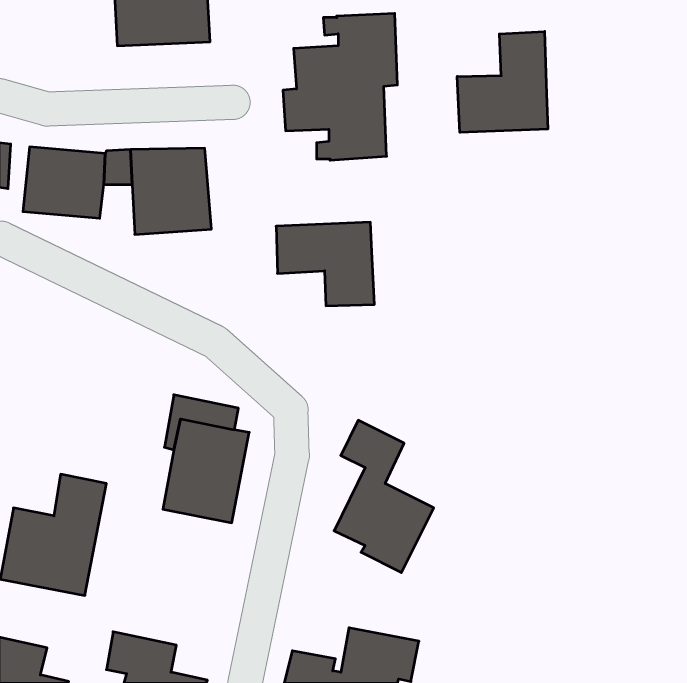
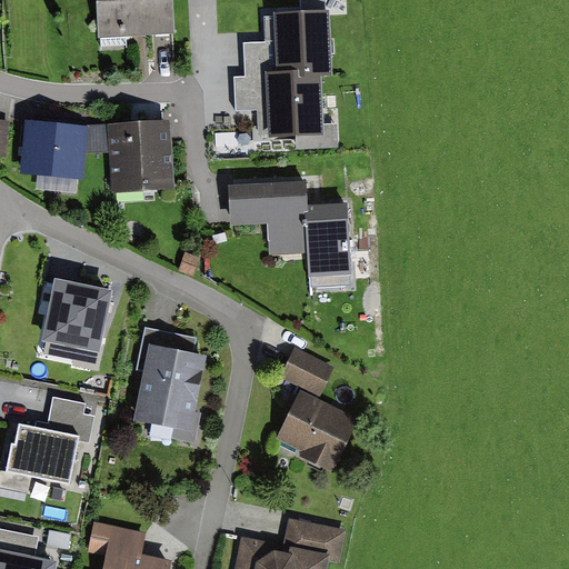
building: [457,31,548,132] -> none
building: none -> [307,206,350,276]
building: none -> [41,282,112,356]

